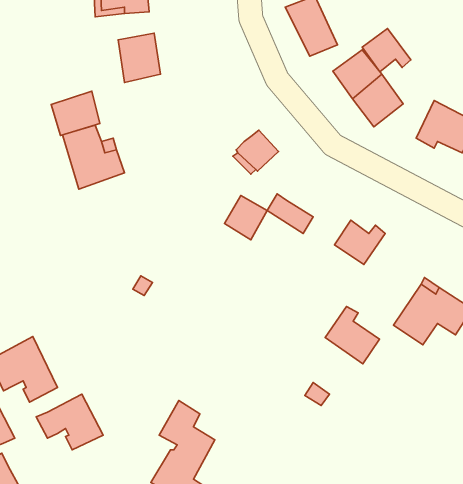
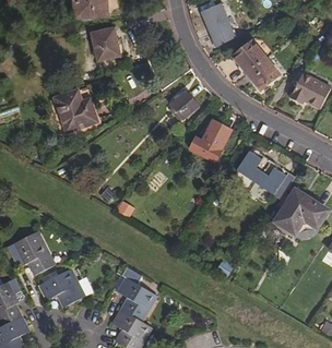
building: [362,29,411,72] -> none
building: [51,91,100,136] -> none
building: [225,196,267,240] -> [202,120,230,149]
building: [325,306,379,364] -> [253,160,289,199]

